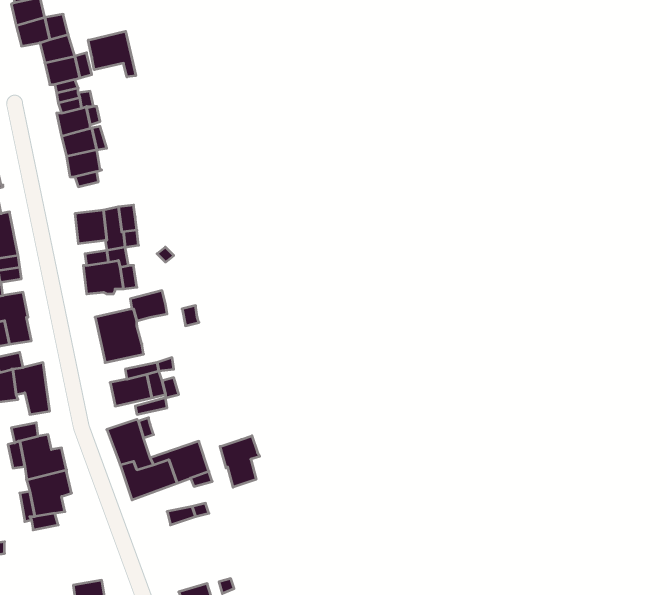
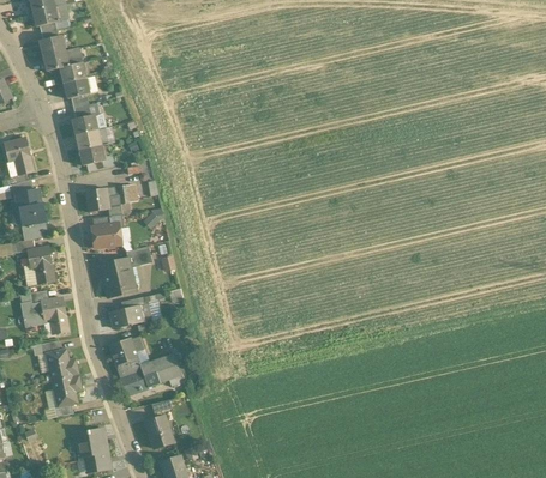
building: [88,31,136,77] -> none
building: [220,436,260,487] -> none
building: none -> [145,416,173,448]
building: none -> [77,429,104,458]

